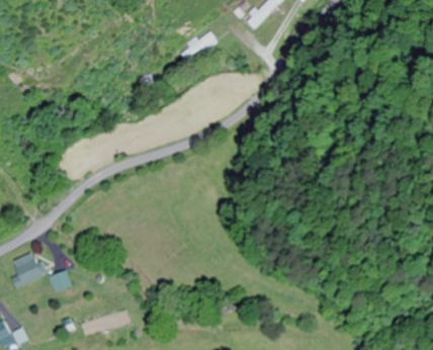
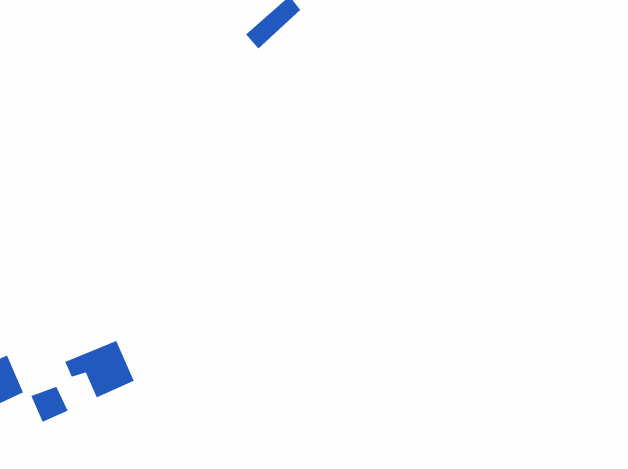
building: none -> [65,340,135,398]

